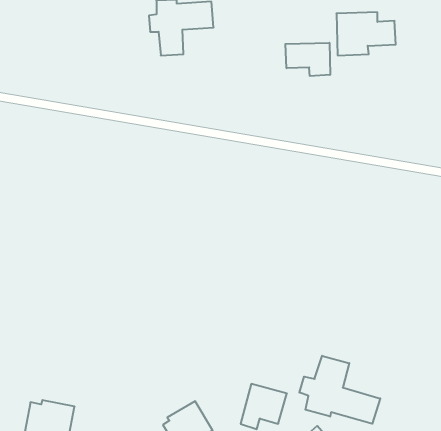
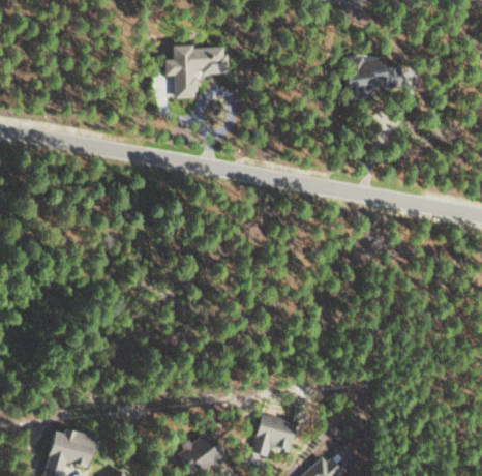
building: [285,43,330,76] -> none
building: [299,356,380,424] -> none

